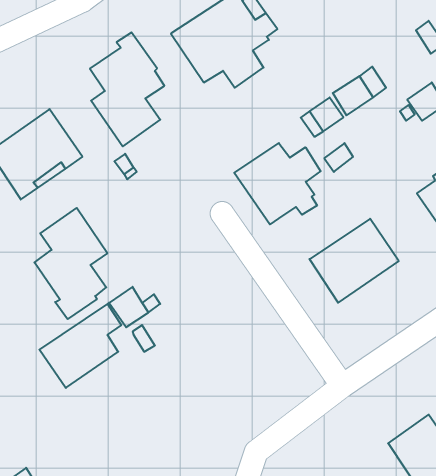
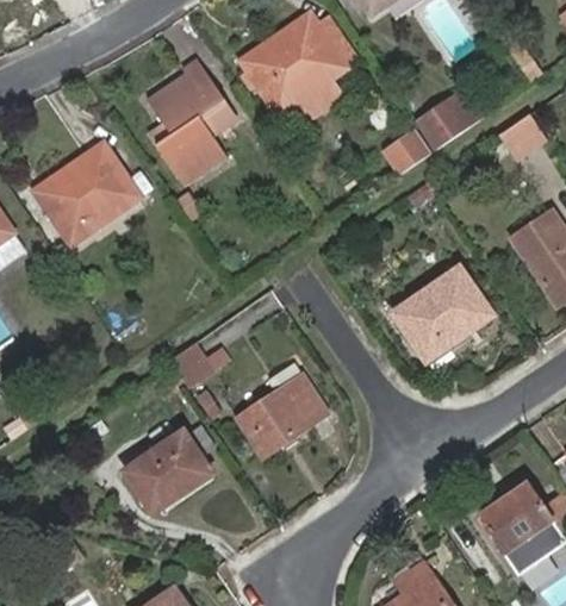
building: [234,143,321,224] -> none
building: [34,208,107,319] -> none
building: [39,304,121,388] -> [123,420,214,514]
building: none -> [238,361,328,455]

